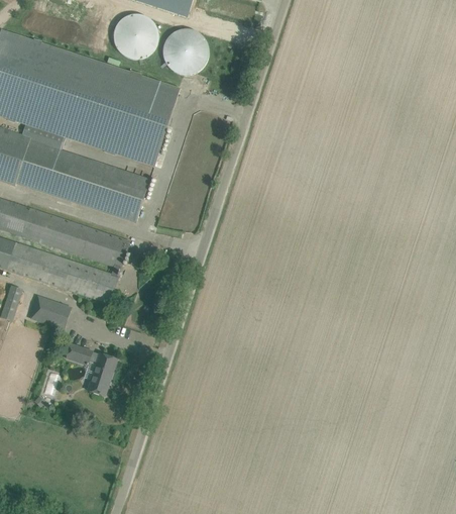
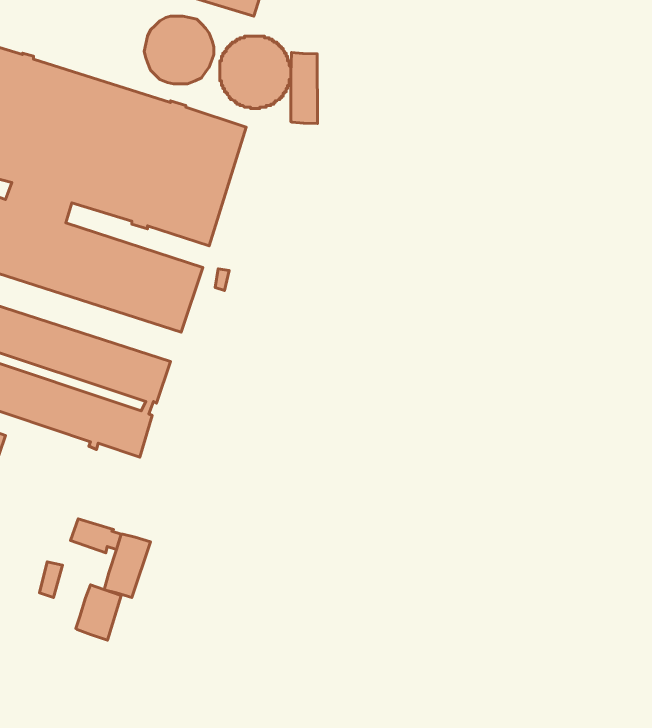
building: none -> [291,52,318,123]
building: [28,295,71,329] -> none
building: none -> [76,585,121,640]

